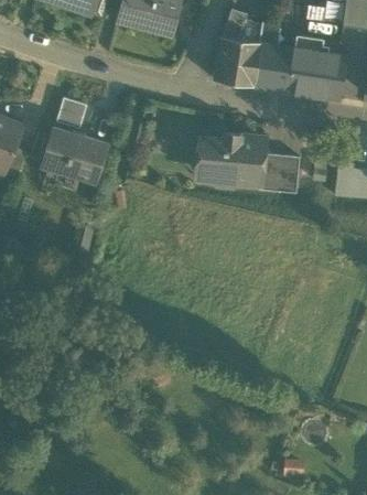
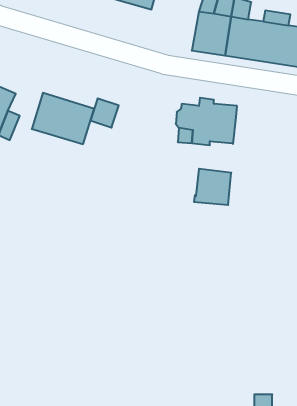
building: [56,97,87,129] -> [91,98,119,128]
building: [259,153,300,193] -> [194,169,231,205]

